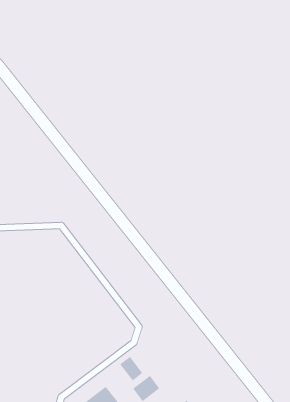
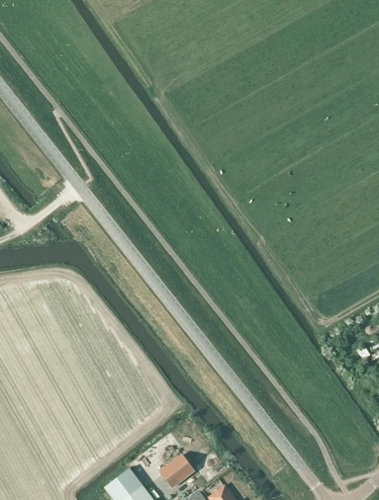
building: [119,356,143,382] -> none

